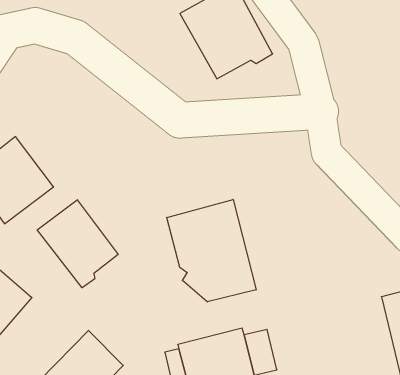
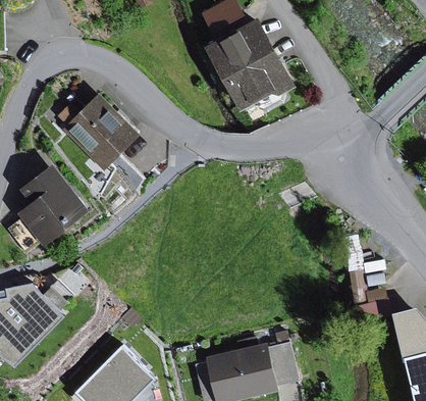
building: none -> [52,93,139,170]
building: [167,199,256,302] -> none
building: [37,200,118,288] -> none

